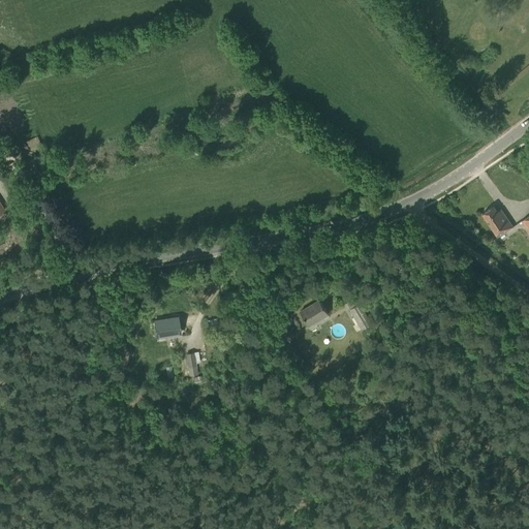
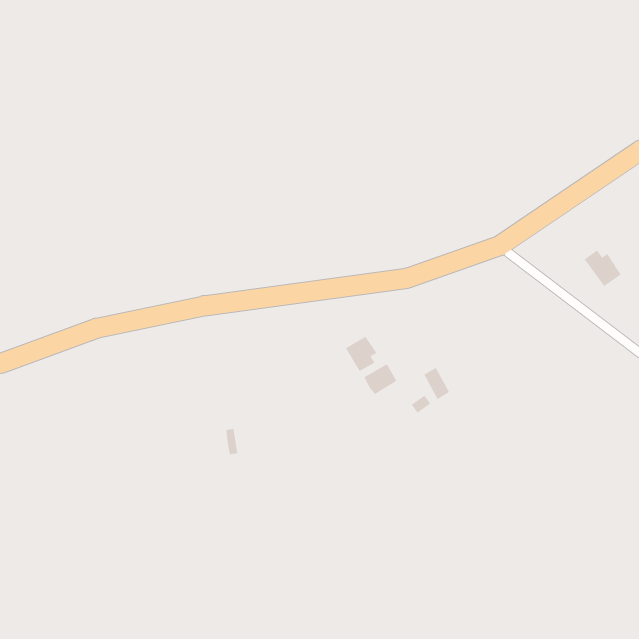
building: none -> [345,336,377,372]
building: [155,318,180,344] -> none

